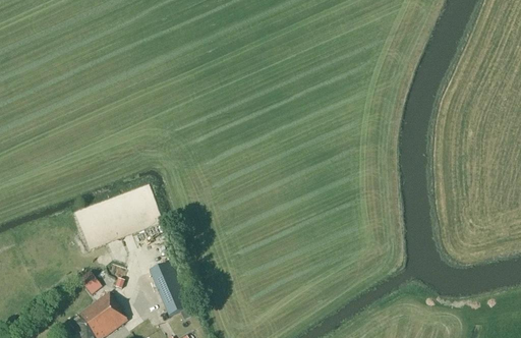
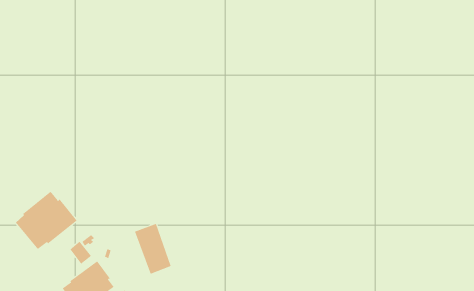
building: none -> [15,191,77,250]

